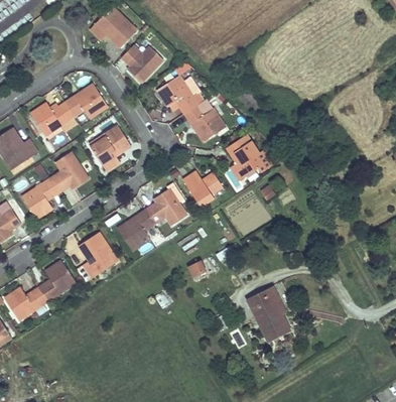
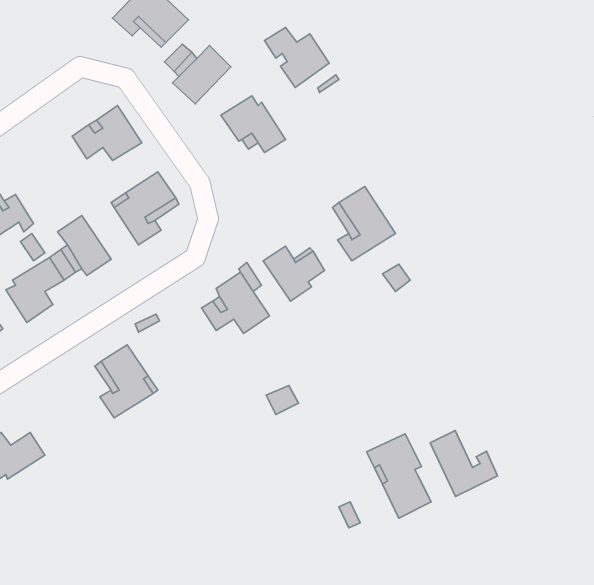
building: [30,103,74,133] -> none
building: [184,105,225,142] -> [264,27,329,87]
building: [117,210,154,251] -> none
building: [38,261,75,301] -> none
building: none -> [430,430,497,496]

